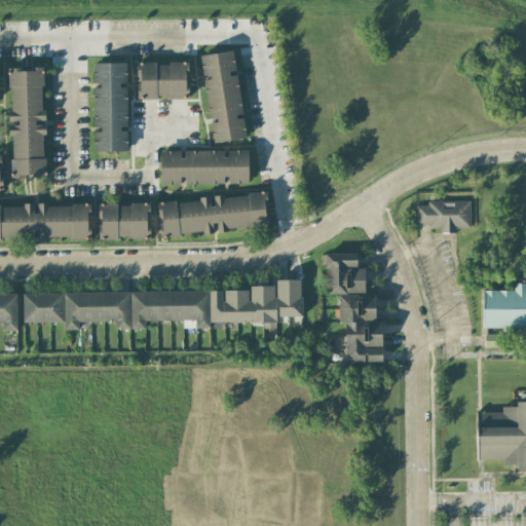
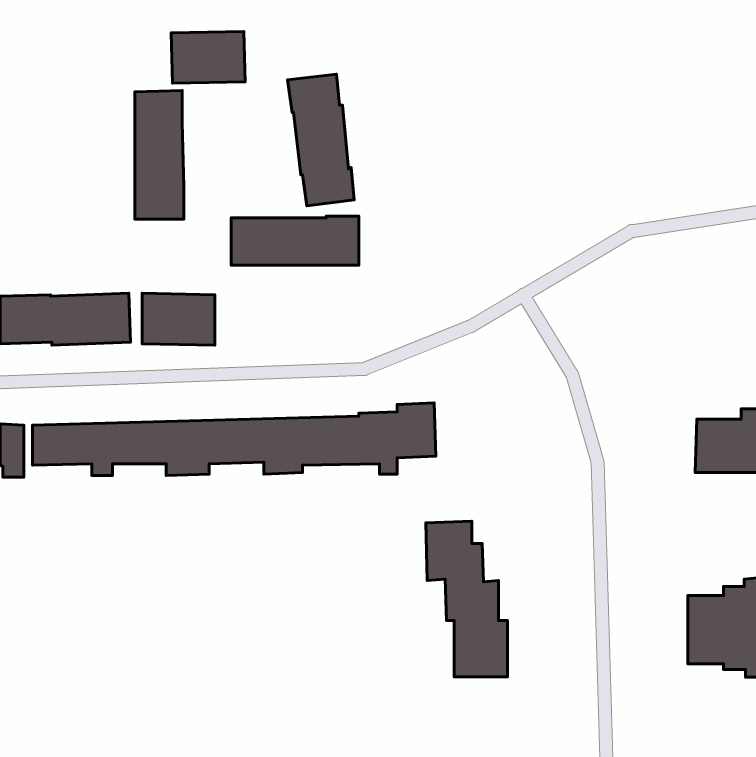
building: [138,63,189,99] -> [171,31,245,83]
building: [9,68,47,179] -> none
building: [158,191,271,237] -> none
building: [416,200,471,230] -> none
building: [326,254,382,362] -> [426,521,507,677]

